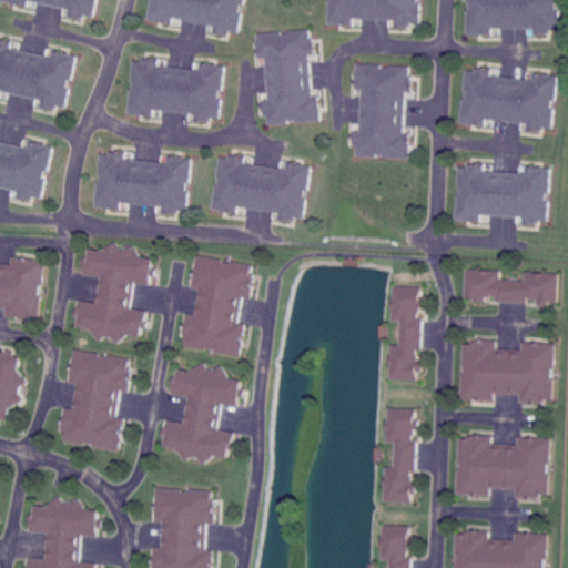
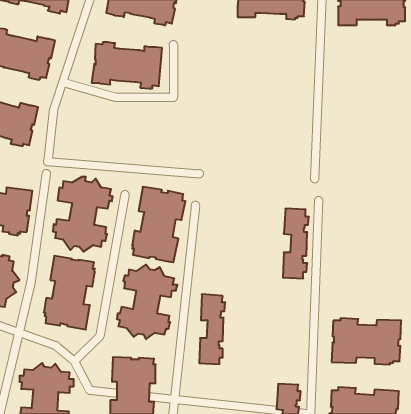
building: [254,29,317,124] -> none
building: [348,63,410,158] -> none
building: [457,67,554,131] -> none
building: [93,151,190,213] -> none
building: [209,153,310,221] -> none
building: [453,163,547,224] -> none
building: [460,267,556,304] -> none
building: [457,339,552,403] -> none
building: [382,407,417,503] -> [199,294,225,364]

